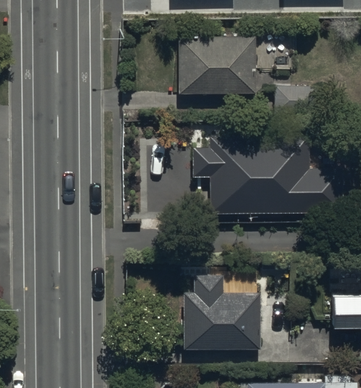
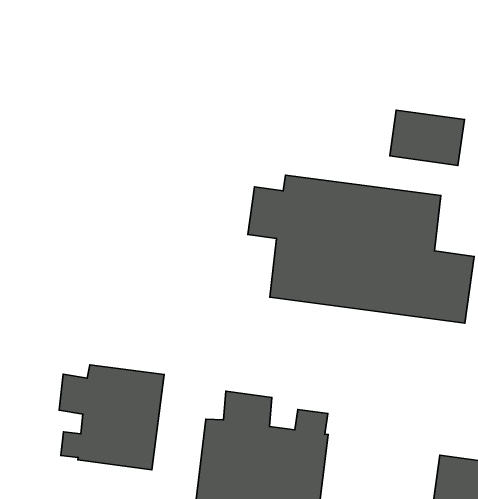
building: [178,37,255,93] -> none
building: none -> [59,365,164,470]

